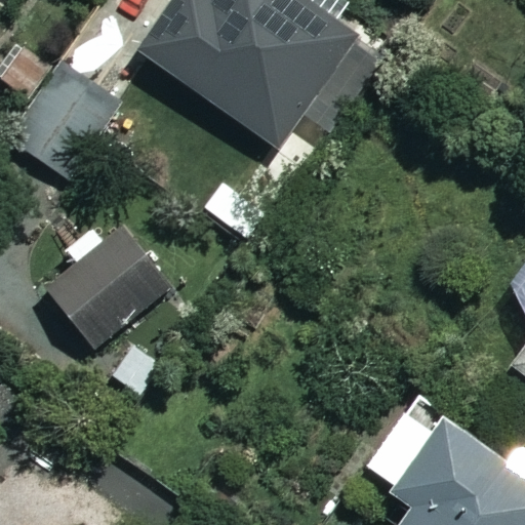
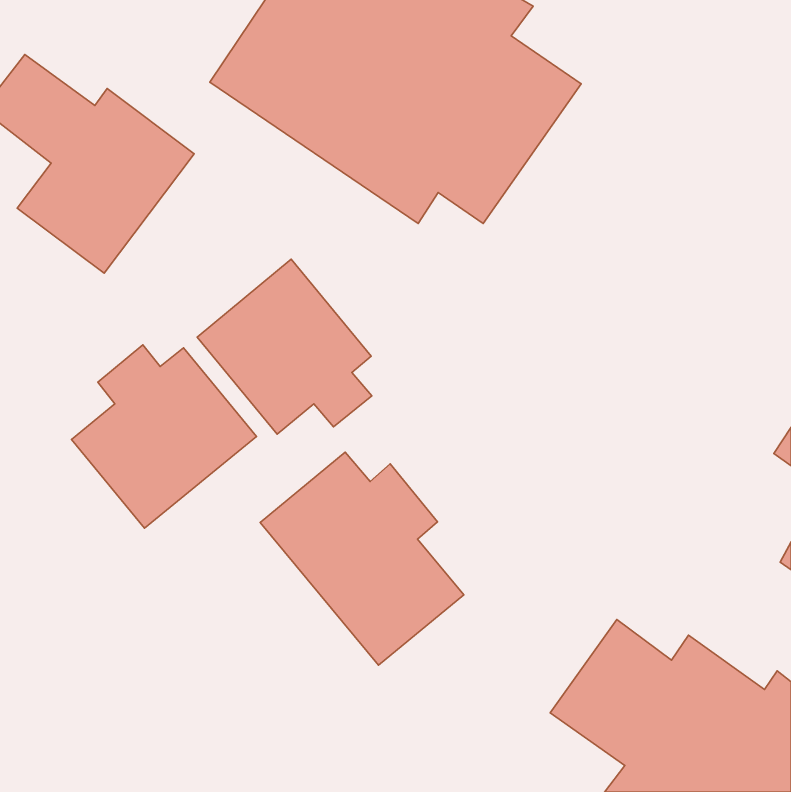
building: none -> [197,259,372,434]
building: none -> [260,452,464,665]

